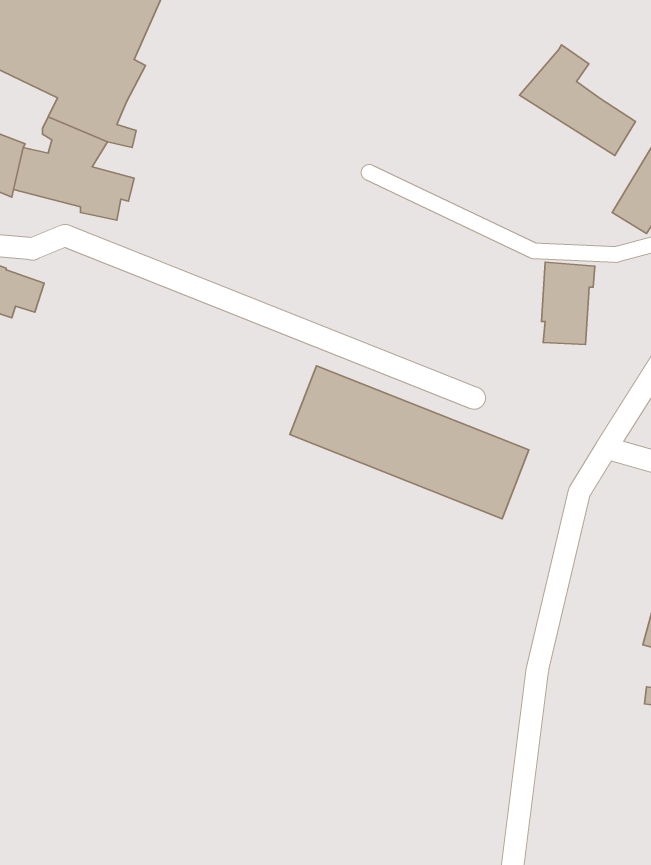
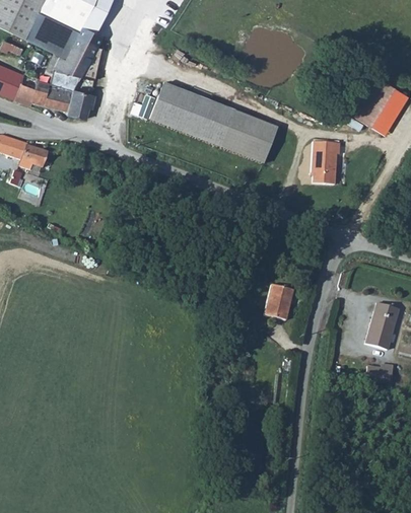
building: [520,45,636,155] -> none
building: [290,366,529,519] -> [150,81,277,162]
building: none -> [264,284,294,319]

